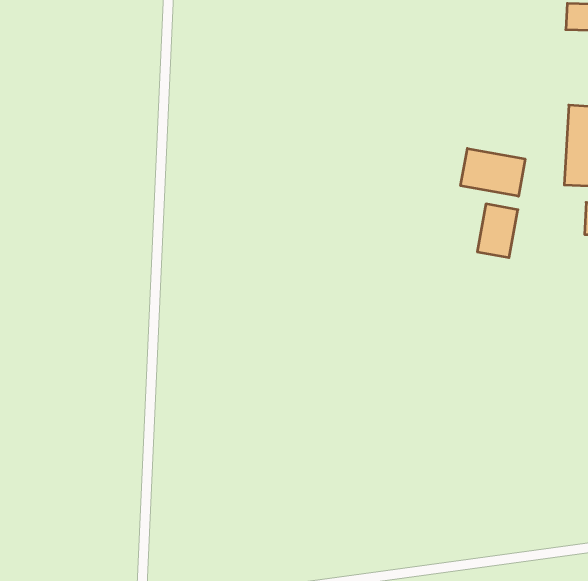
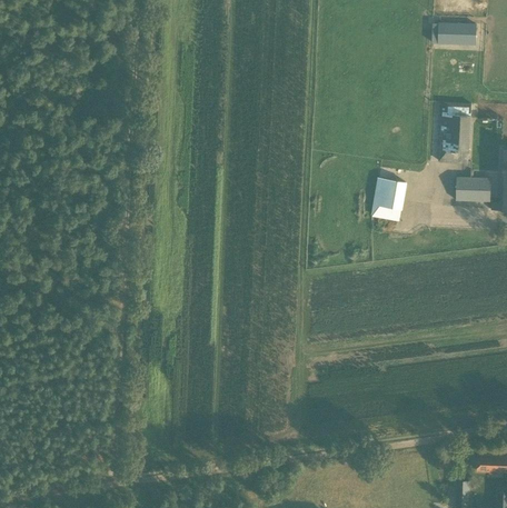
building: [461,148,525,196] -> none

